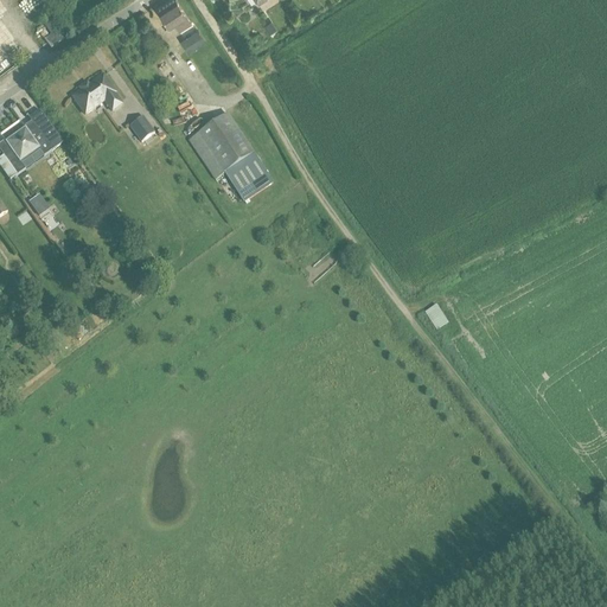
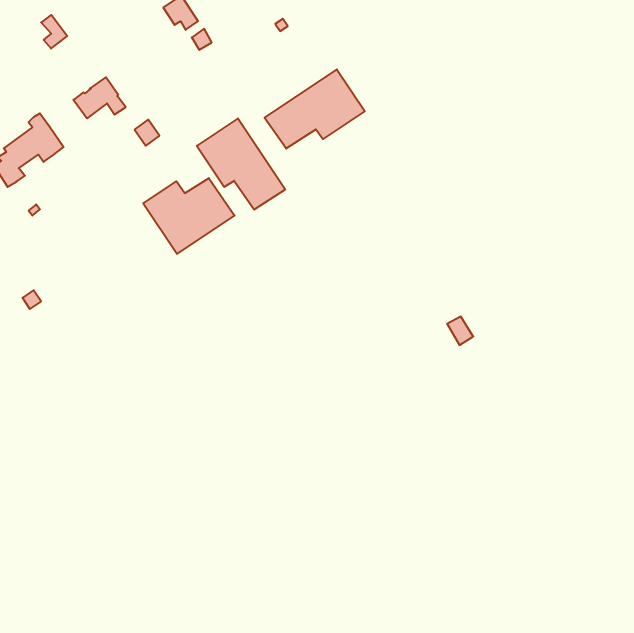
building: none -> [265,69,365,149]
building: none -> [143,178,235,254]

